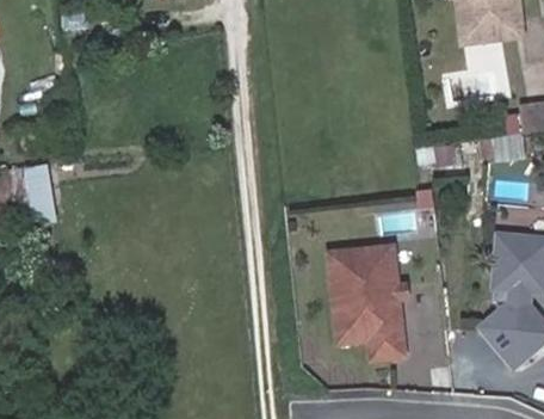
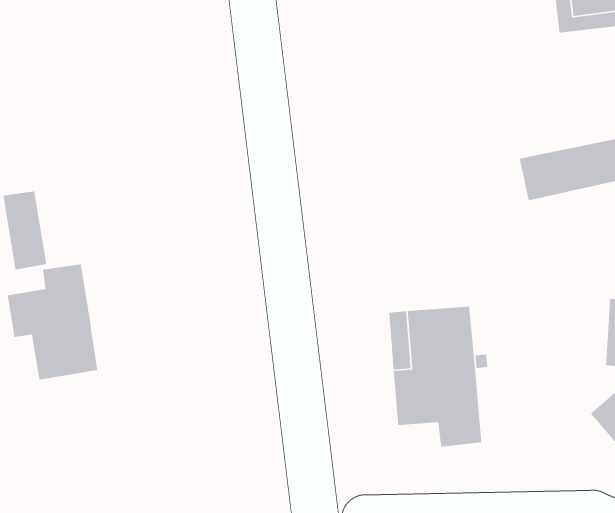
building: none -> [7,264,98,381]

